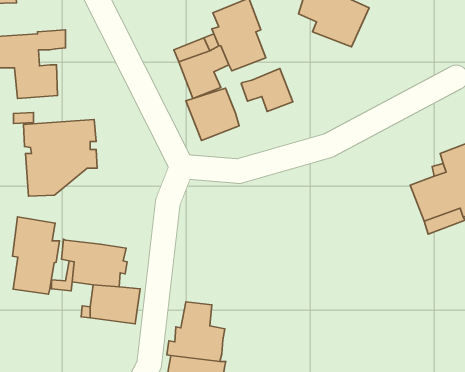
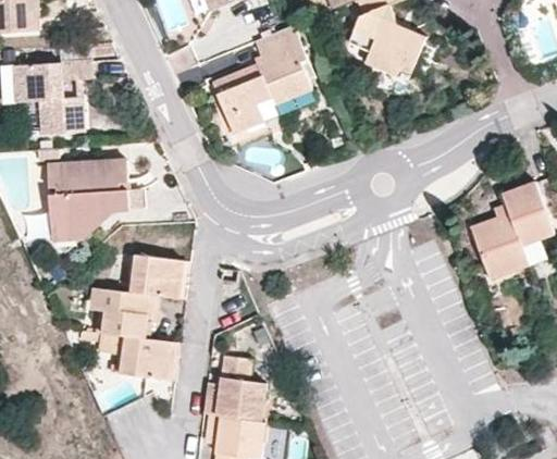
building: [241,69,293,112] -> none
building: [186,88,239,141] -> none
building: none -> [132,256,183,299]
building: [13,217,59,294] -> none

